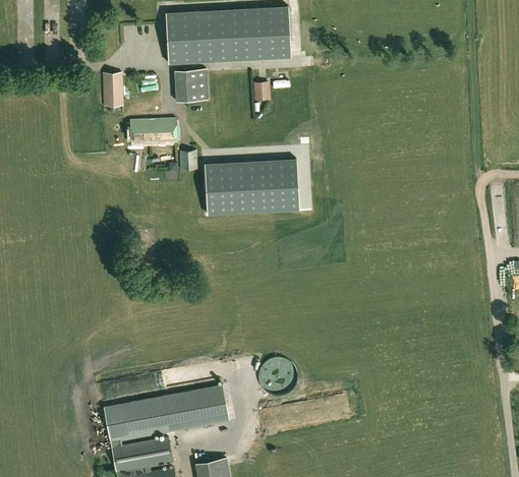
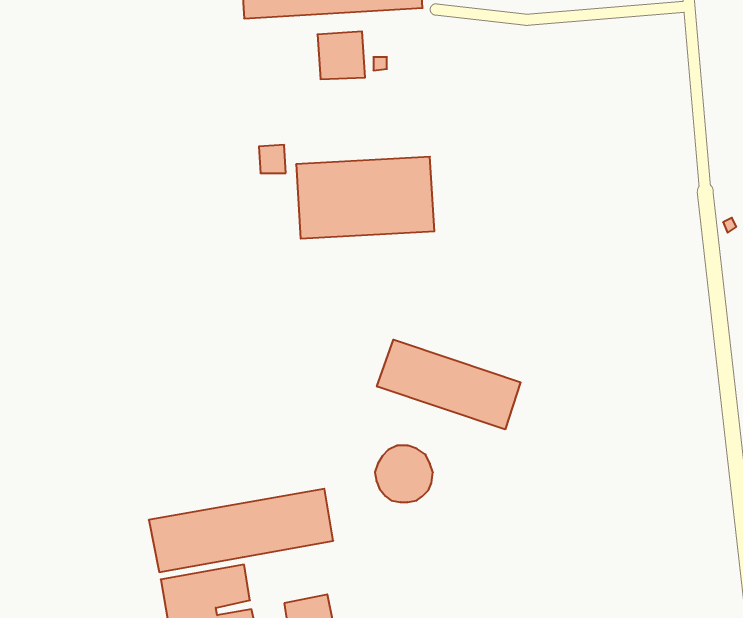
building: [174,69,207,102] -> [317,31,365,79]
building: [102,73,121,106] -> none
building: [129,118,175,144] -> none
building: none -> [377,340,521,429]

